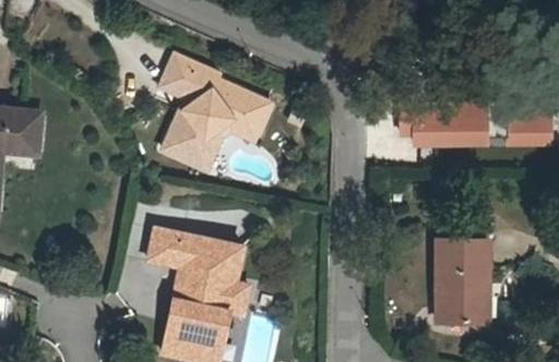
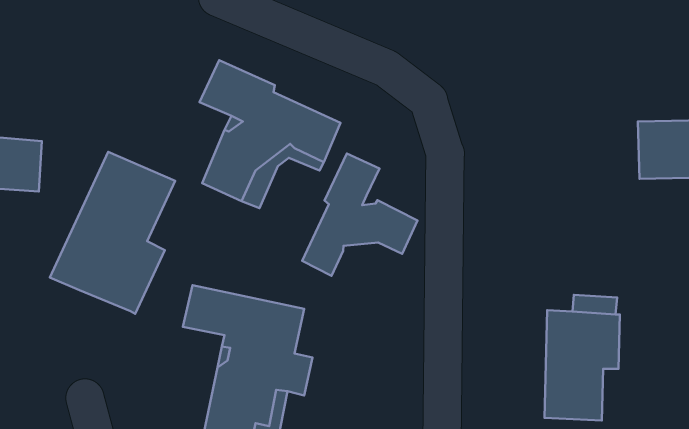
building: [395,97,487,142] -> none
building: none -> [50,152,175,314]
building: none -> [302,154,417,276]

